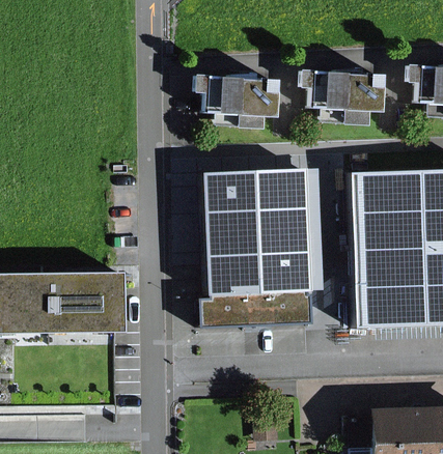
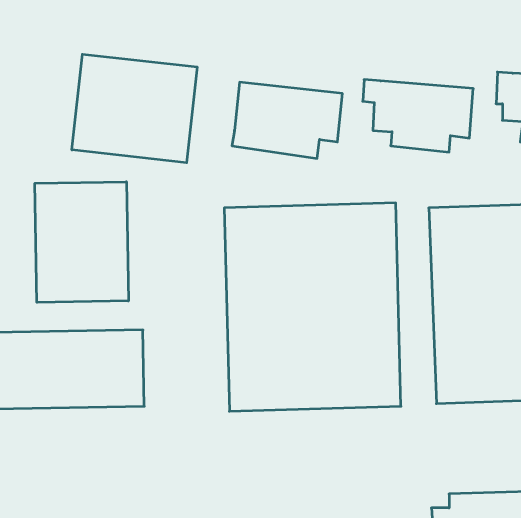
building: none -> [72,54,197,163]
building: none -> [35,182,128,302]

